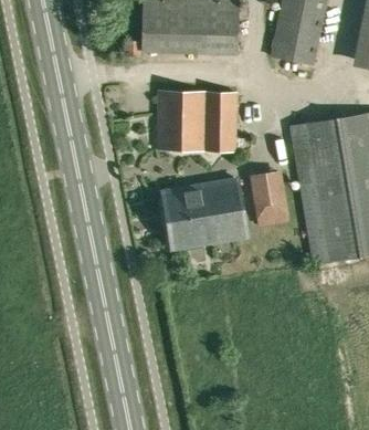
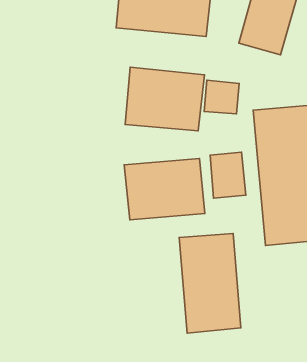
building: none -> [204,80,239,114]
building: none -> [179,233,241,333]

